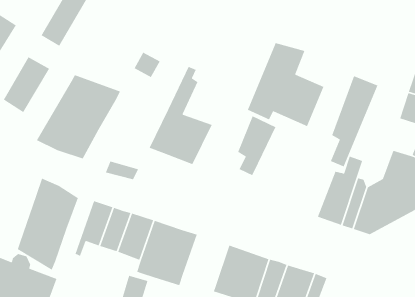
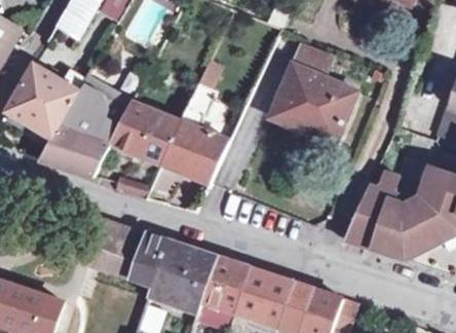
building: none -> [28,76,79,137]
building: [330,75,378,167] -> none
building: none -> [110,101,184,162]
building: [237,115,276,176] -> none
building: [17,177,79,271] -> none
building: none -> [201,256,251,312]

